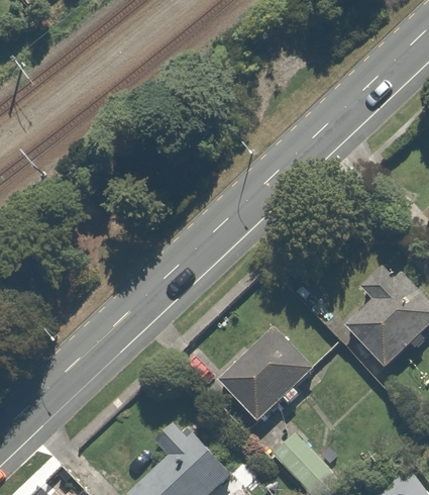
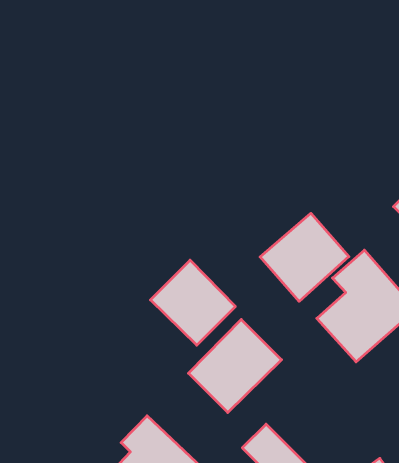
building: none -> [260,213,349,301]
building: none -> [150,260,235,345]

